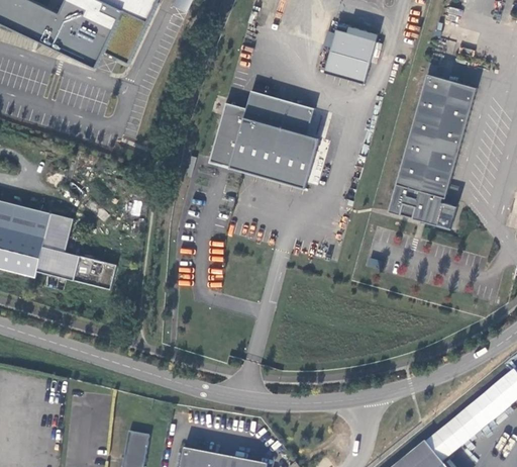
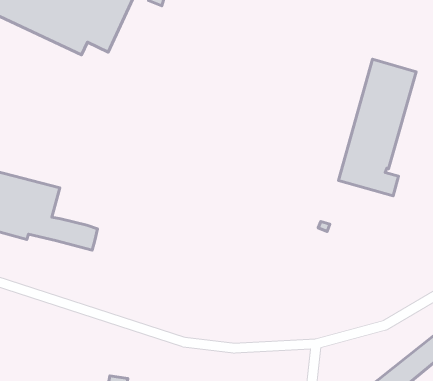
building: [325,24,379,81] -> none
building: [210,89,321,188] -> none

